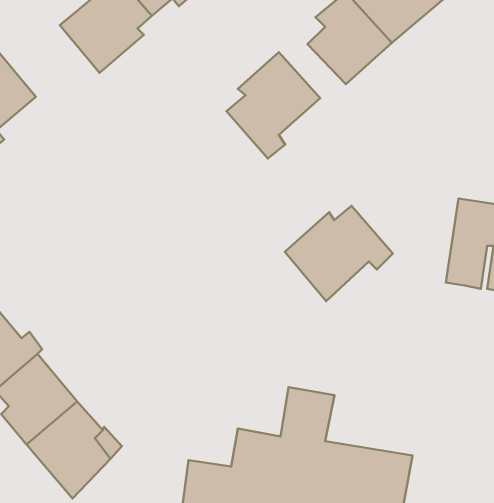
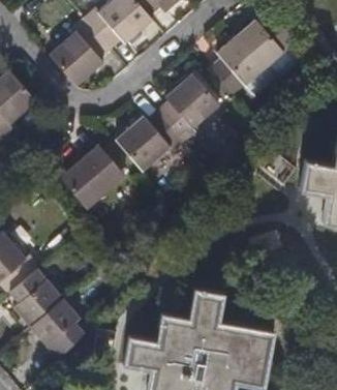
building: none -> [54,143,125,210]
building: [285,206,393,301] -> [114,110,184,172]

